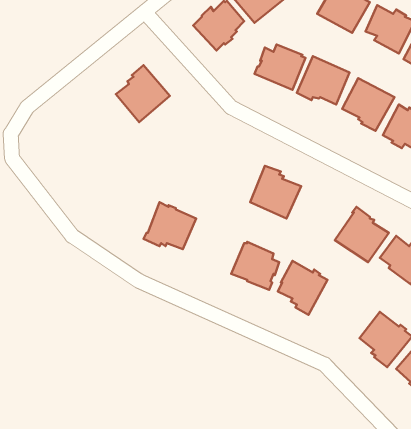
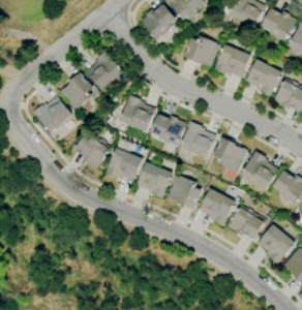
building: none -> [59,72,93,110]
building: none -> [33,96,71,133]
building: none -> [119,96,154,132]
building: none -> [150,115,185,146]
building: none -> [74,133,111,168]
building: none -> [213,136,247,172]
building: none -> [137,162,172,198]
building: none -> [228,197,264,240]

